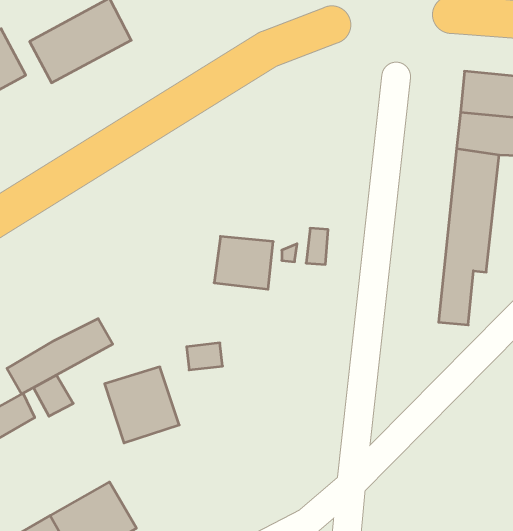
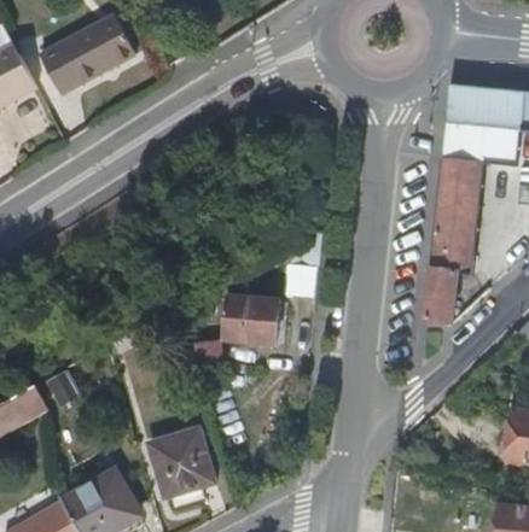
building: [214,236,273,289] -> [225,294,280,344]
building: [7,319,113,394] -> none
building: [105,367,179,443] -> [147,426,217,497]

